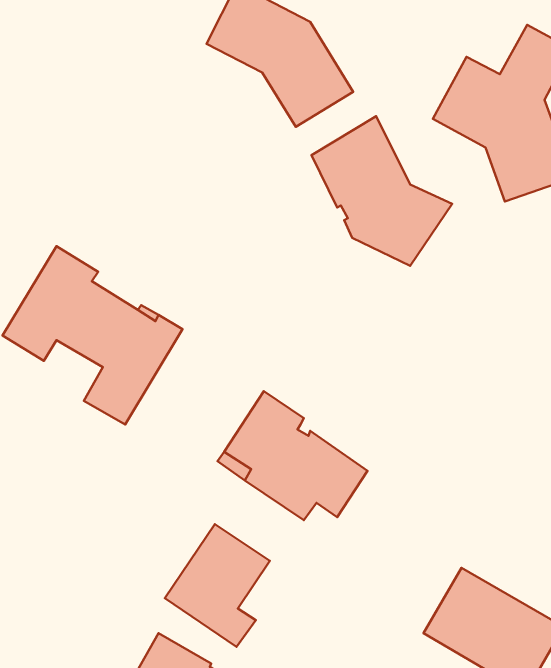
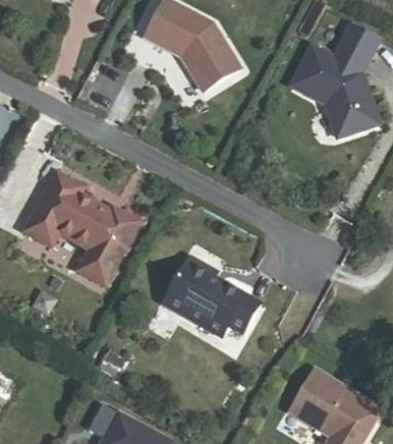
building: [311,116,452,266] -> none
building: [165,524,270,647] -> none

